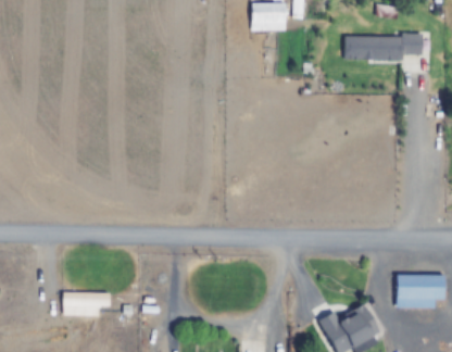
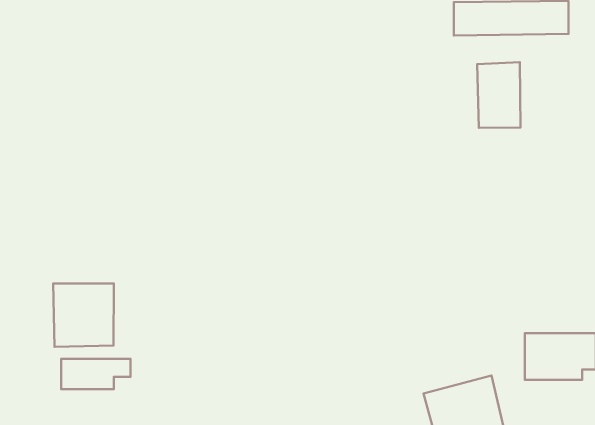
building: none -> [477,62,521,128]
building: none -> [53,284,114,347]

